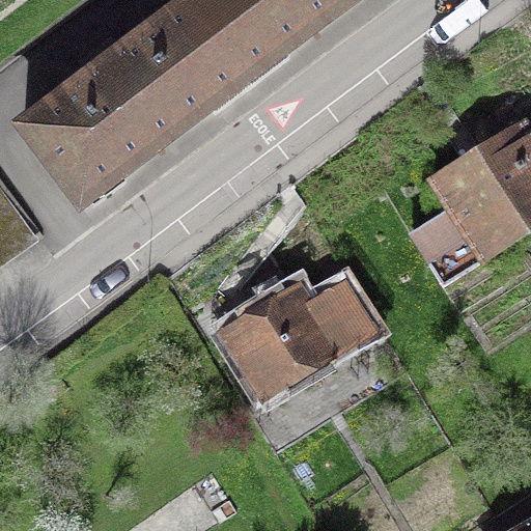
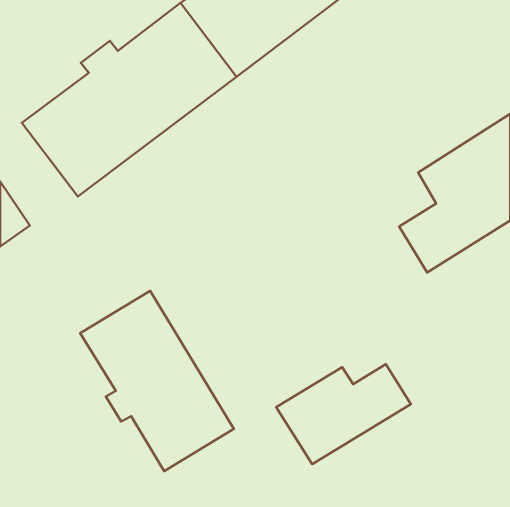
building: [227,289,367,393] -> [276,364,411,464]
building: none -> [80,291,234,471]

